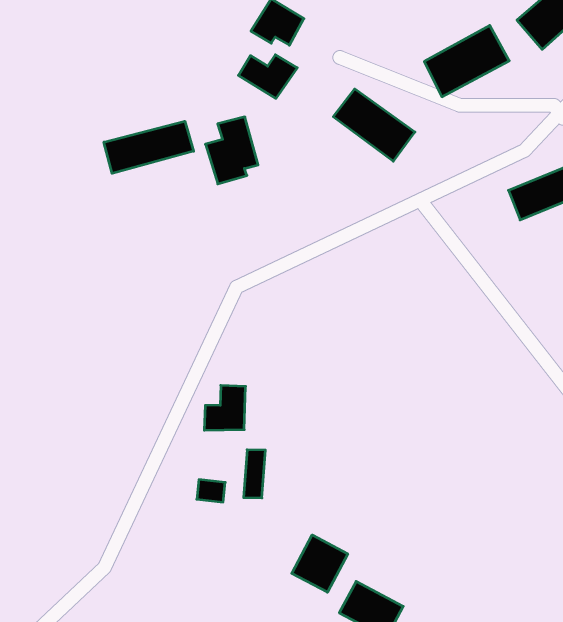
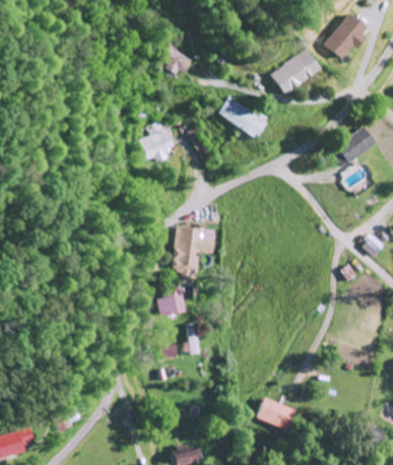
building: [238,55,297,98] -> none
building: [104,121,194,173] -> none
building: none -> [171,226,213,278]
building: [292,535,348,592] -> none

